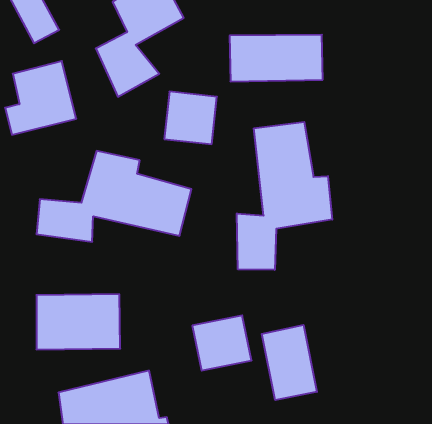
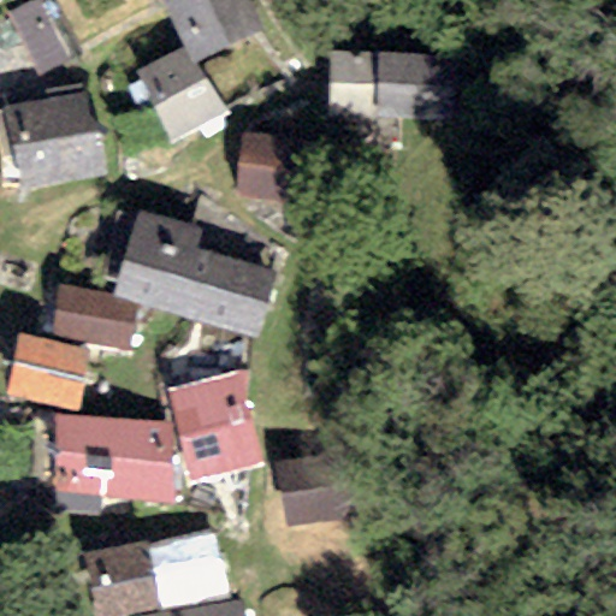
building: [237,122,332,270] -> none
building: none -> [6,337,90,411]
building: none -> [166,372,261,482]
building: [262,325,317,400] -> none

